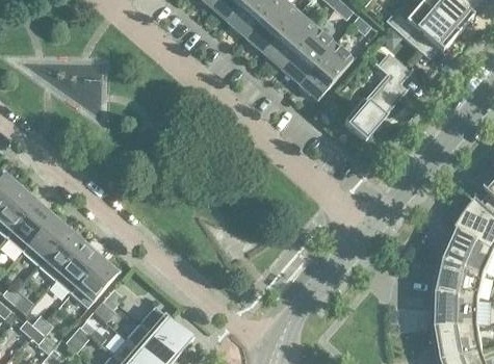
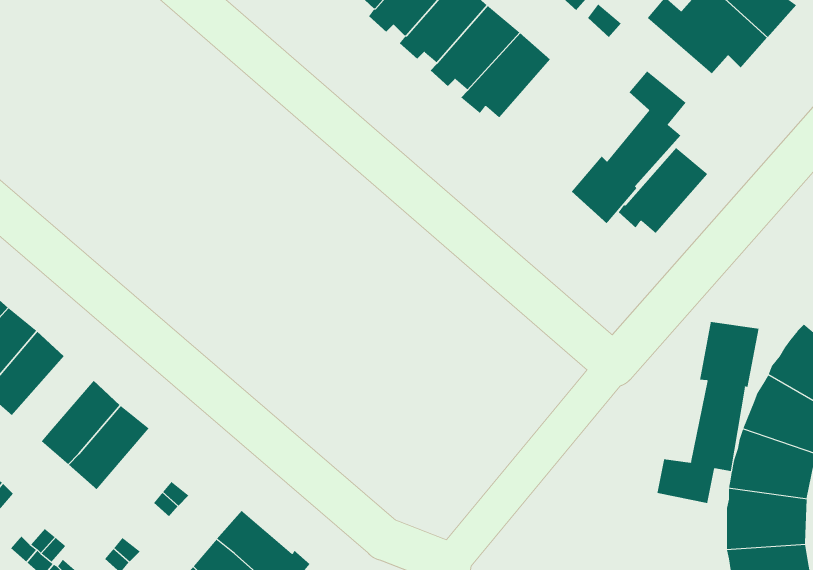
building: [298,47,350,97] -> [618,147,708,234]
building: none -> [657,321,759,504]
building: [22,217,69,266] -> none
building: [71,259,116,308] -> none

